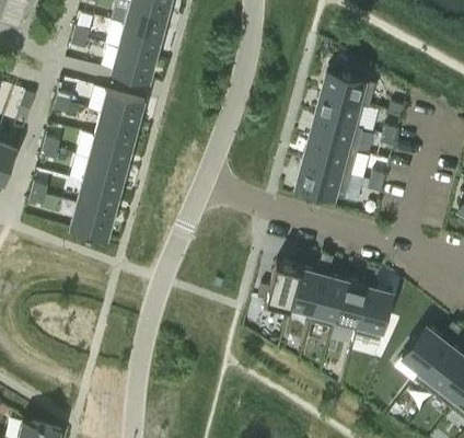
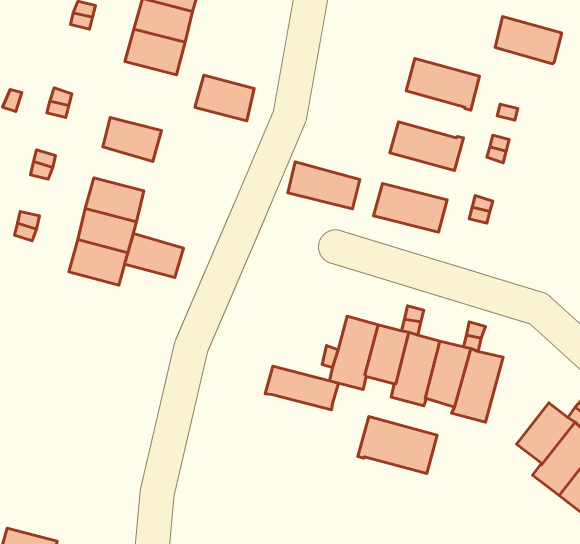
building: [101,91,144,125] -> [195,75,254,121]
building: [315,95,364,130] -> [495,17,561,64]
building: [89,137,132,170] -> [125,233,184,278]
building: [303,141,357,176] -> [288,162,360,209]
building: none -> [265,366,339,410]
building: none -> [358,417,437,474]

